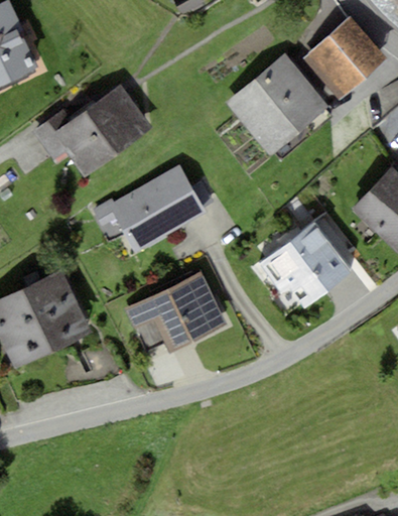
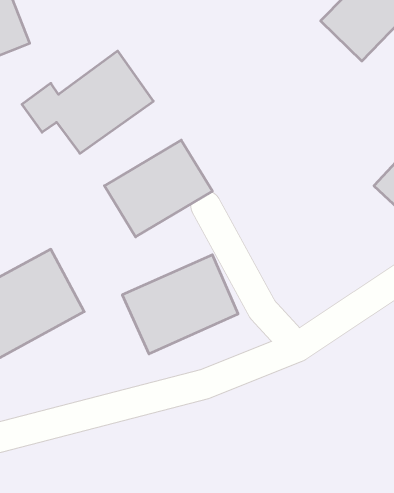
building: [228,53,331,156] -> none
building: [257,217,349,299] -> none

